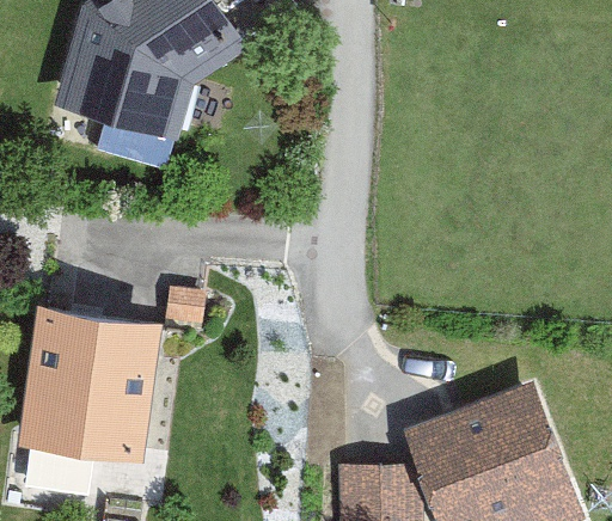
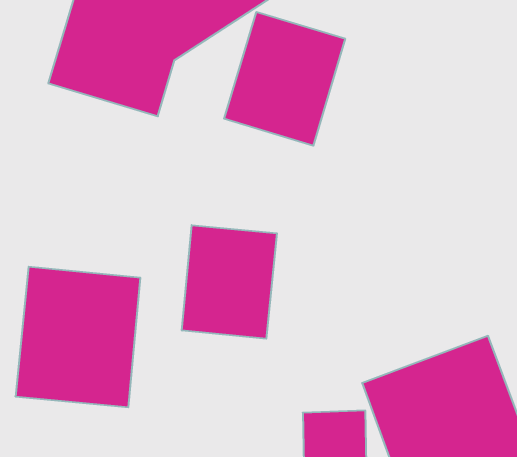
building: none -> [224,12,345,146]
building: none -> [182,225,277,339]

